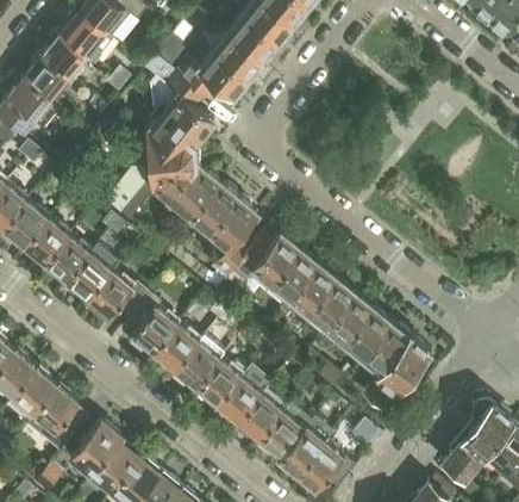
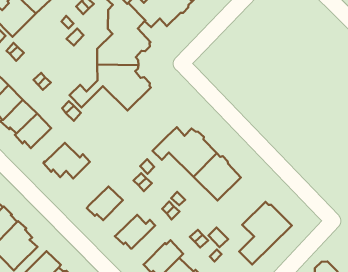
building: [192,184,257,277] -> none
building: [63,253,111,299] -> none
building: [127,293,176,353] -> none
building: [326,293,392,358] -> none
building: [171,335,224,389] -> none
building: [213,377,261,423] -> none

